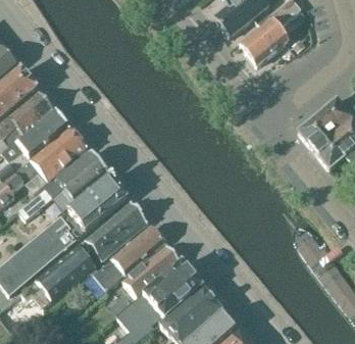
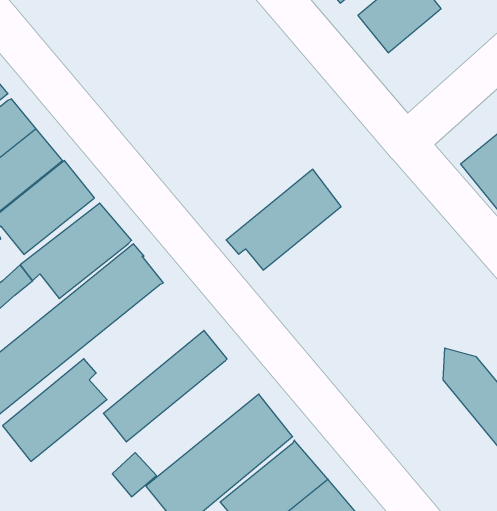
building: [83,200,149,258] -> [226,169,341,270]
building: [124,244,183,297] -> none

